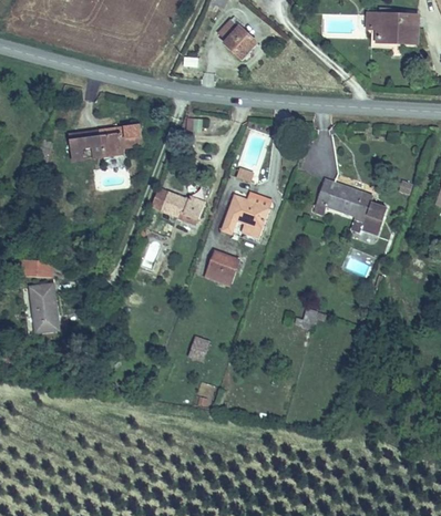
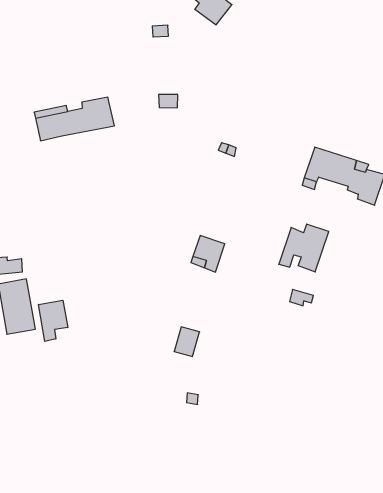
building: [150,186,209,219] -> none
building: [222,194,269,238] -> [279,224,329,272]
building: none -> [39,300,68,341]

